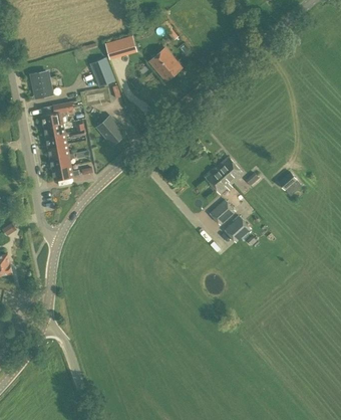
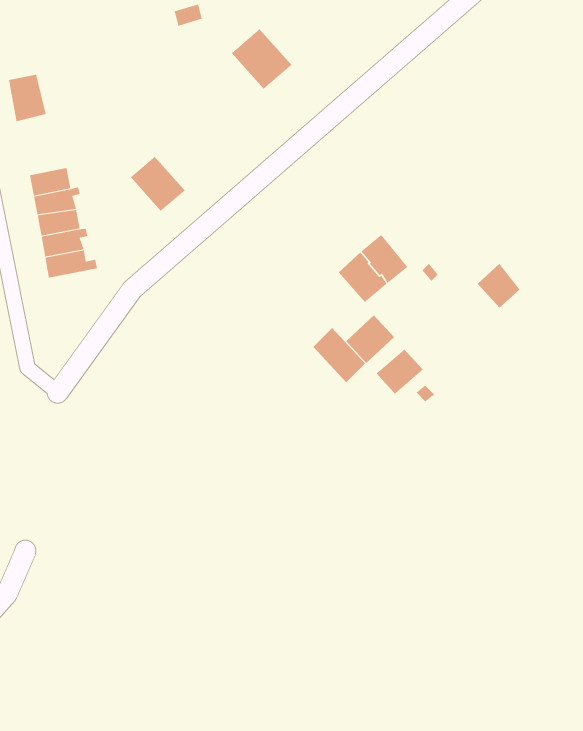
building: [89,55,114,85] -> none
building: [40,101,73,126] -> none
building: none -> [312,327,366,383]

